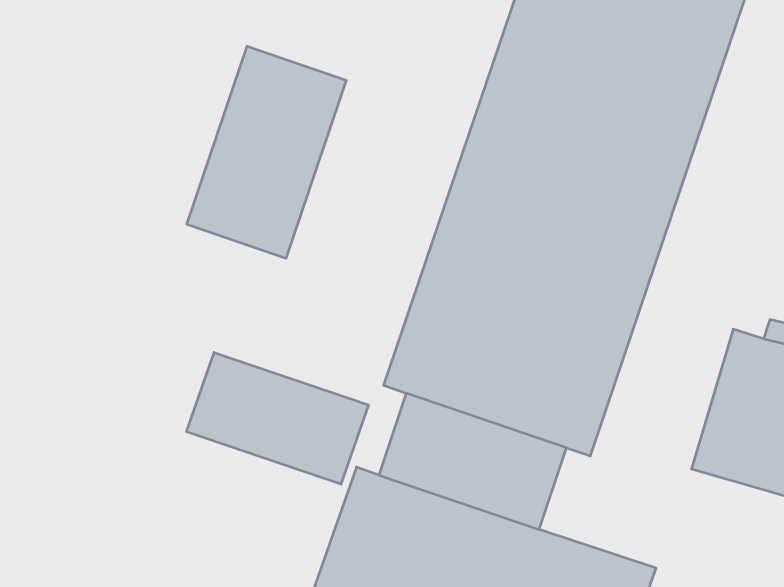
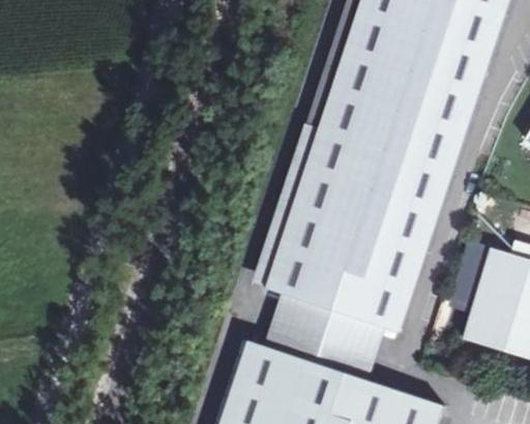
building: [187,46,346,258] -> none
building: [187,352,368,484] -> none

